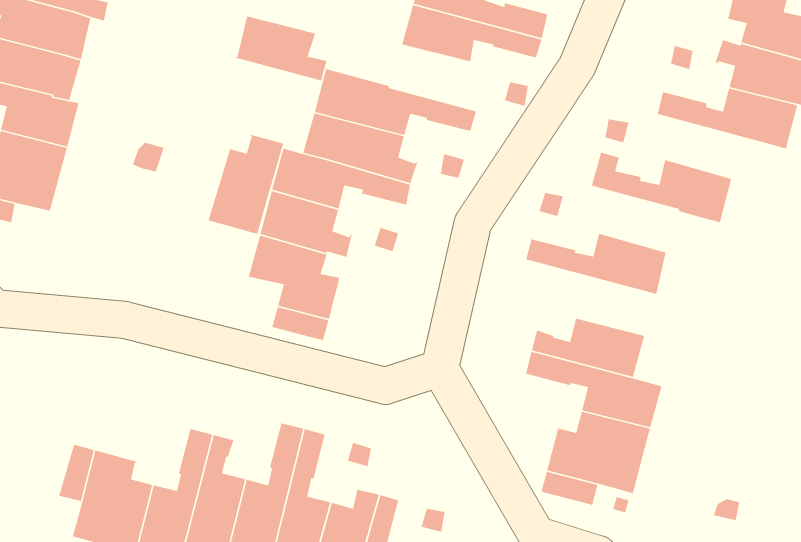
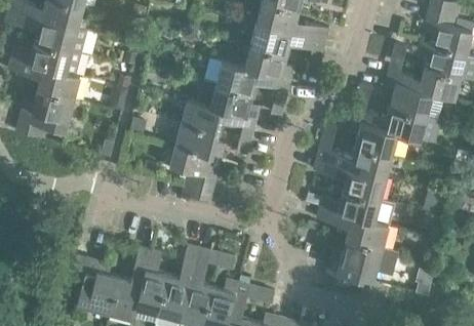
building: [235,16,328,81] -> [244,45,293,80]
building: none -> [383,82,443,119]
building: [208,134,284,235] -> none
building: none -> [348,120,407,157]
building: none -> [313,159,386,199]

